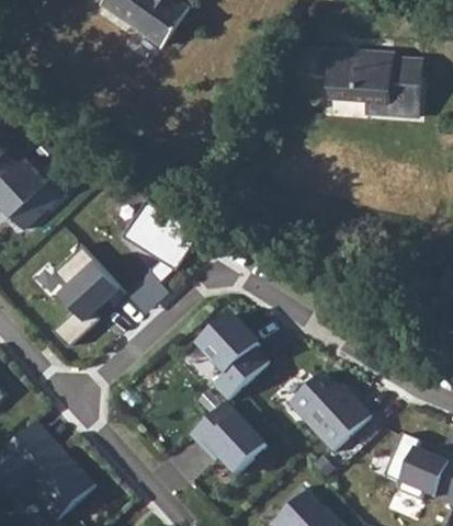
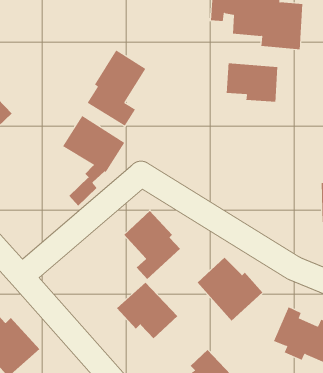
building: none -> [87,50,146,127]
building: none -> [226,63,278,102]
building: [54,245,127,345] -> none

